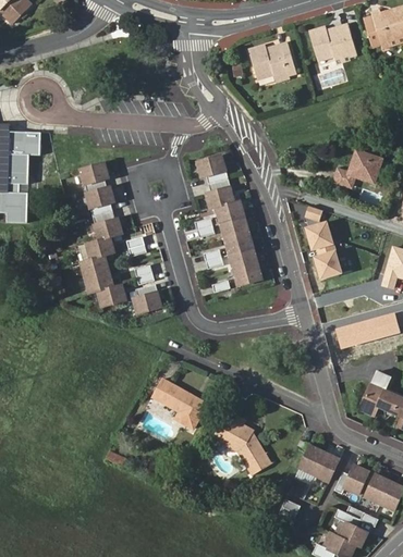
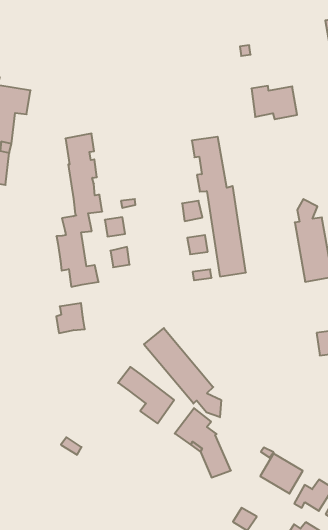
building: [249,46,295,78] -> [251,86,297,119]
building: [132,287,160,318] -> [56,303,85,333]
building: none -> [144,328,221,417]

